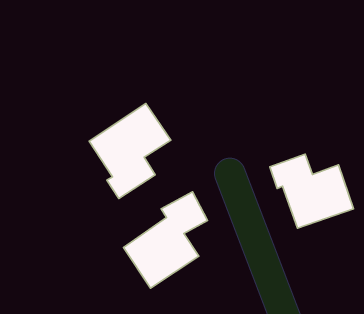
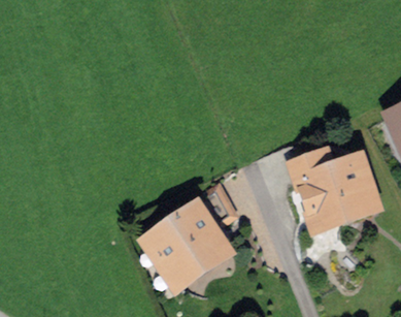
building: [89,103,171,198] -> none

